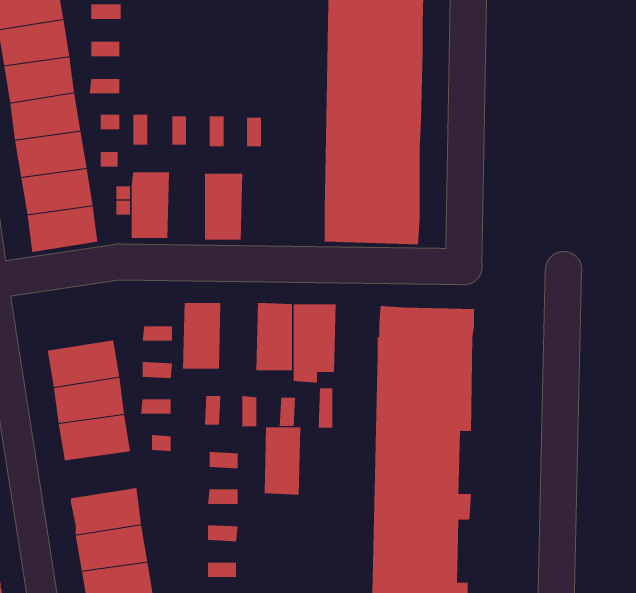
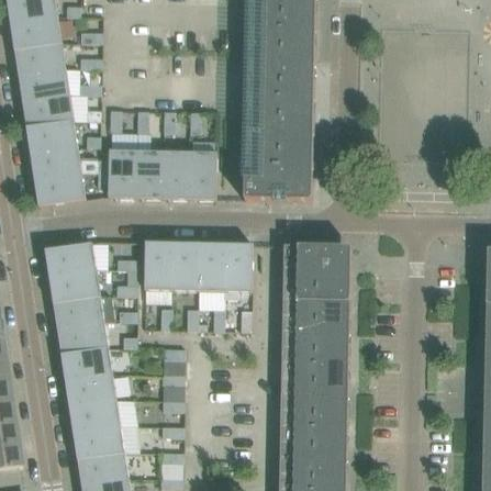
building: none -> [135,150,160,199]
building: none -> [187,152,216,200]
building: none -> [45,243,97,277]
building: [264,427,301,495] -> [171,243,198,291]
building: none -> [62,348,113,381]

